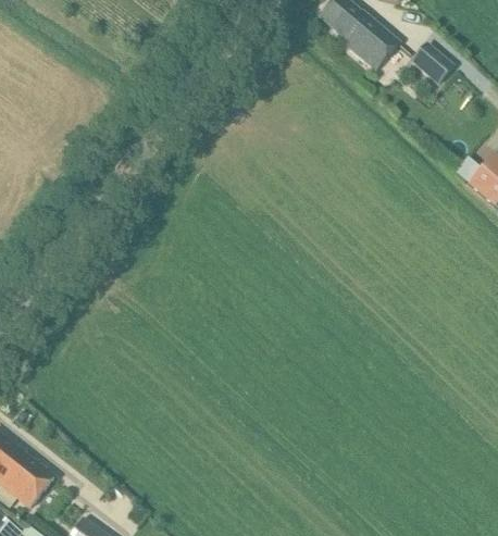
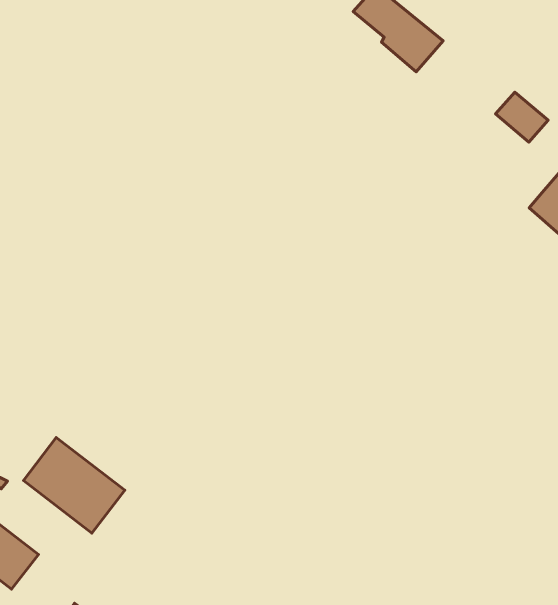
building: [411,42,456,85] -> [495,92,548,142]
building: none -> [23,437,125,533]

